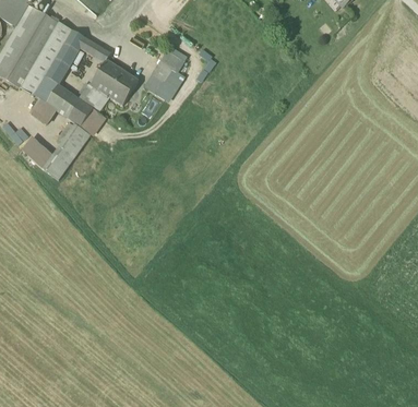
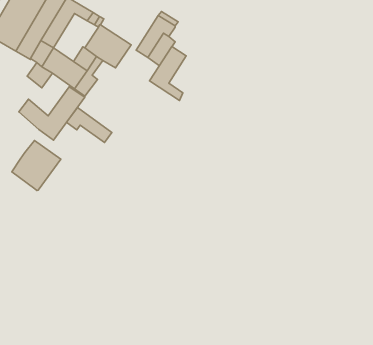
building: none -> [149,47,186,100]
building: none -> [67,107,112,143]
building: none -> [12,141,61,191]

